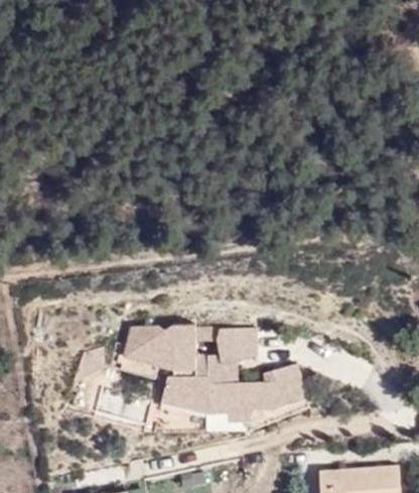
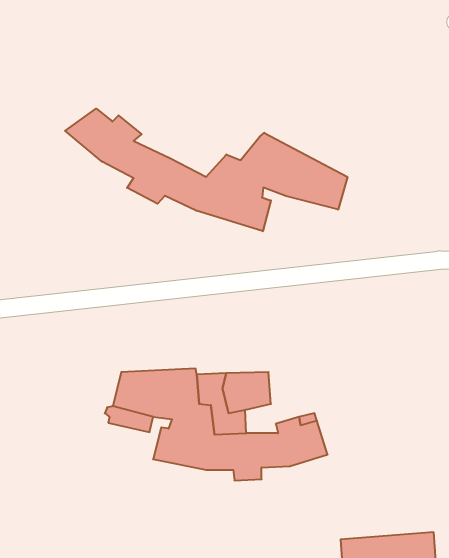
building: none -> [65,109,347,231]

